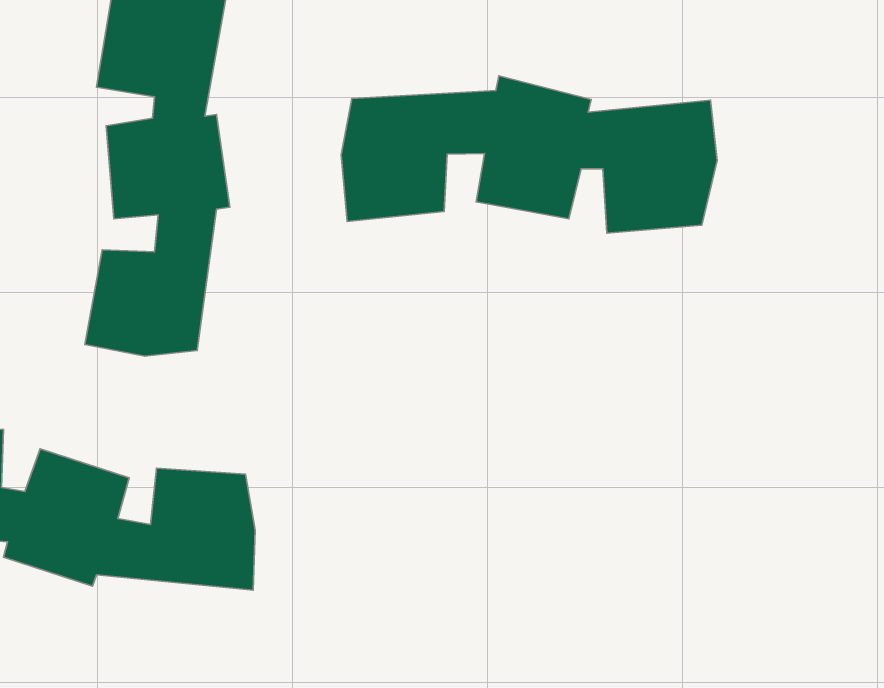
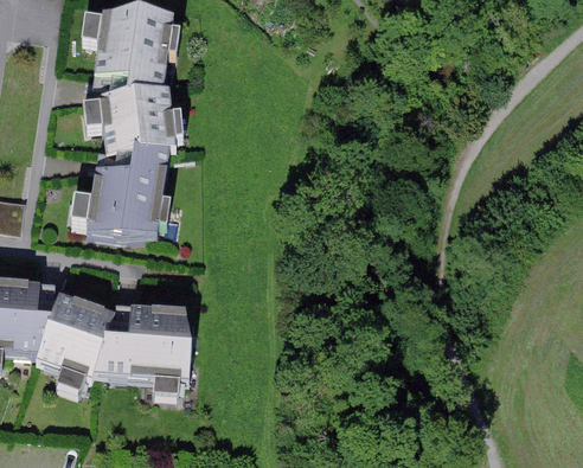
building: [341,76,717,233] -> none

